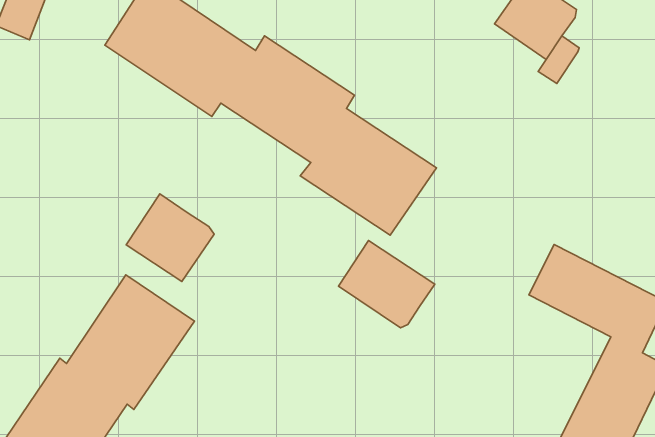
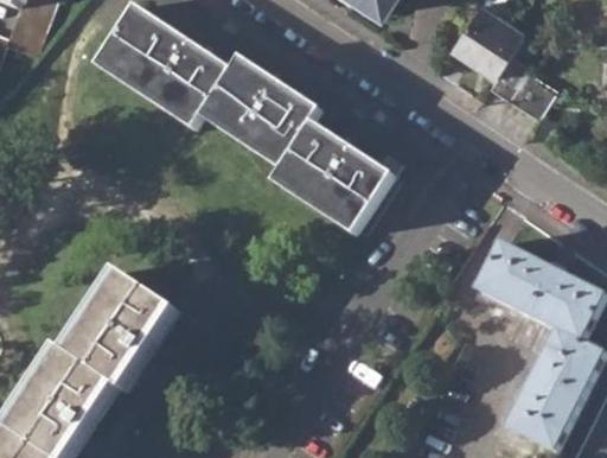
building: none -> [504,69,552,117]
building: [126,194,214,282] -> none
building: [338,240,435,328] -> none

